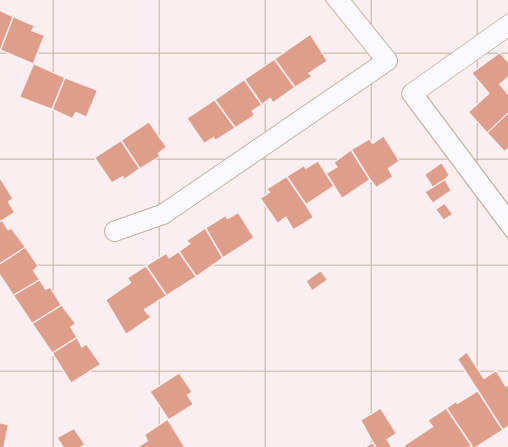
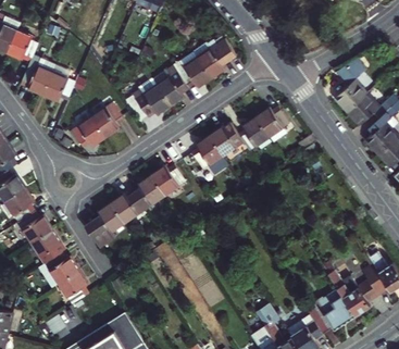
building: [150,373,194,420] -> [54,271,85,303]

